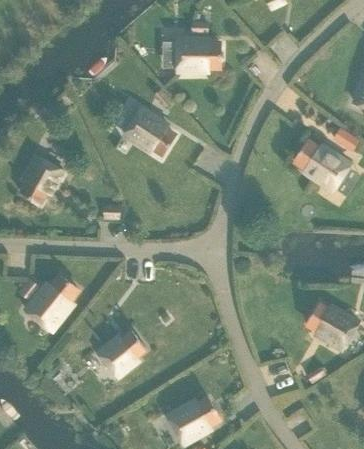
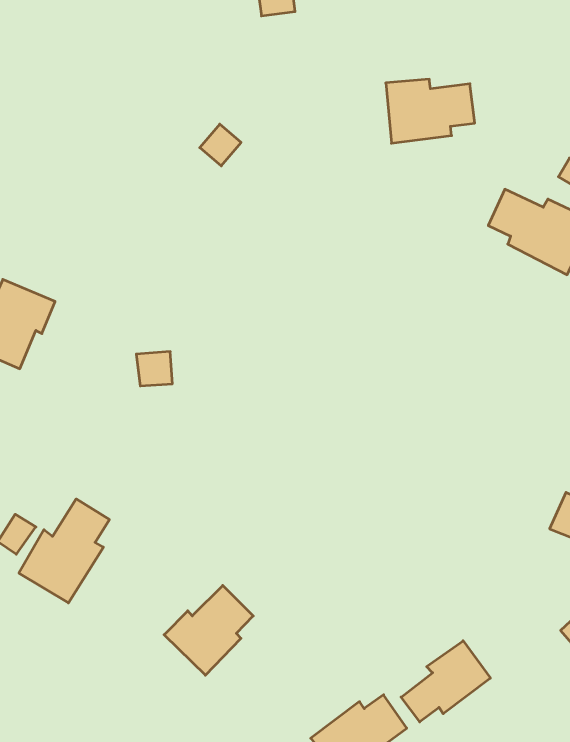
building: [174,38,219,70] -> [386,79,475,143]
building: [122,107,173,153] -> none
building: none -> [401,641,490,722]

